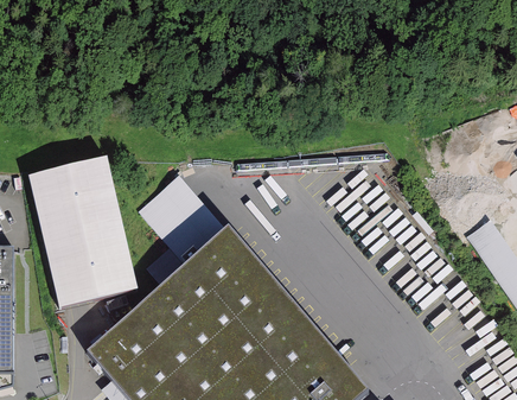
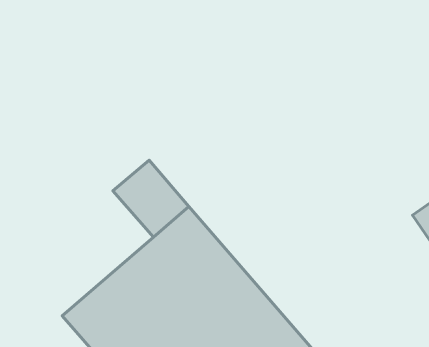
building: [32,159,139,307] -> none

